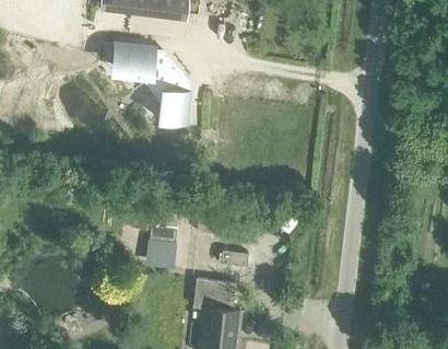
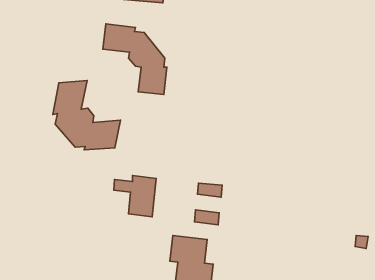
building: none -> [53,81,120,150]

